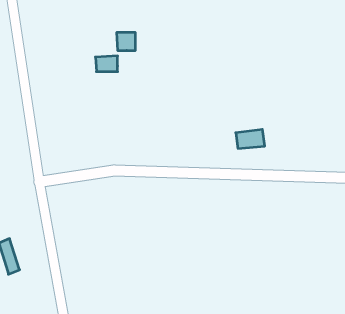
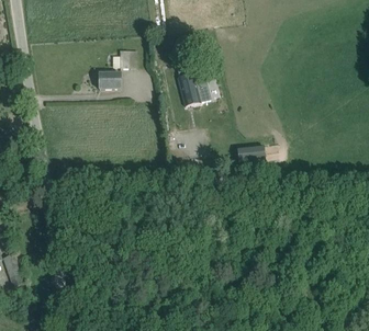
building: none -> [178,67,211,105]

